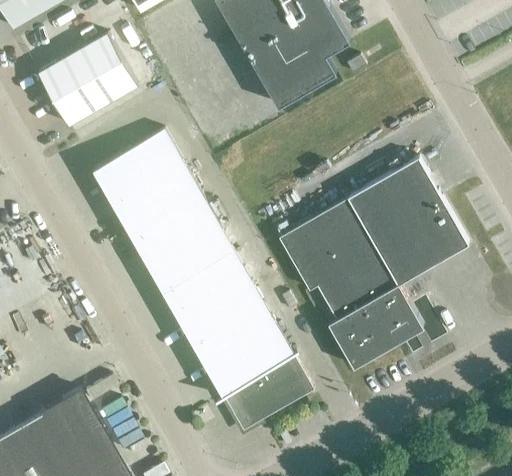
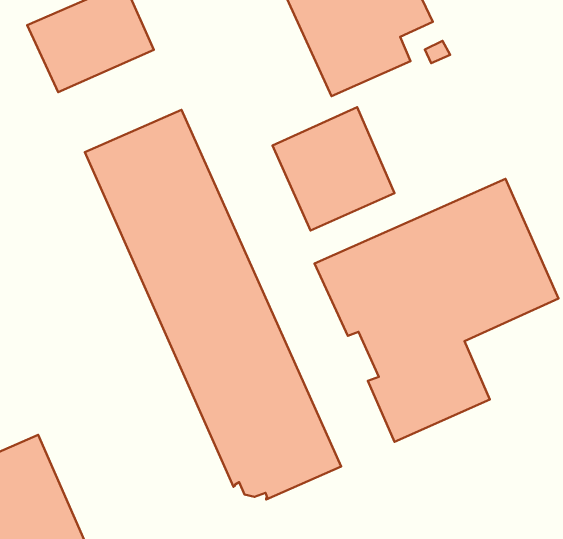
building: none -> [273,107,394,230]

